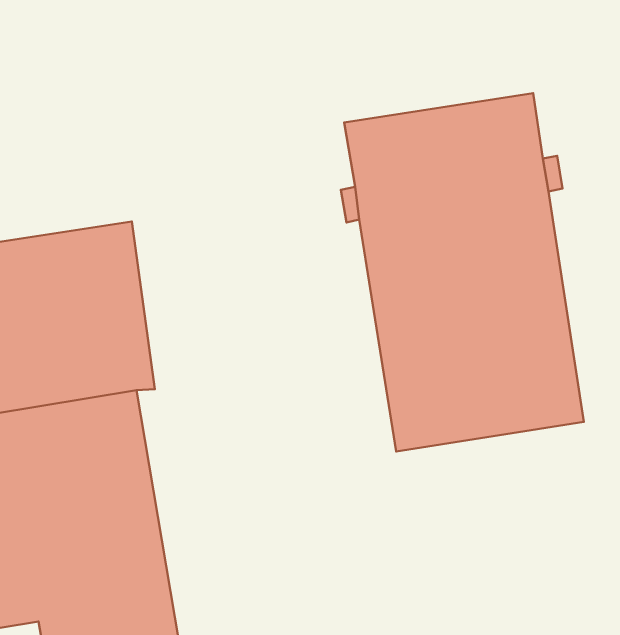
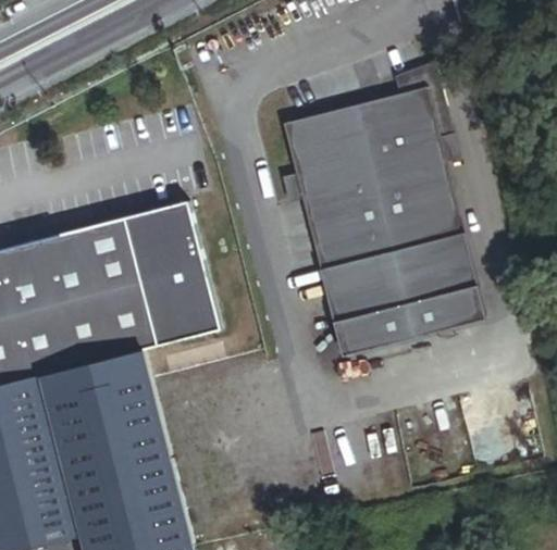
building: none -> [124,201,218,343]

